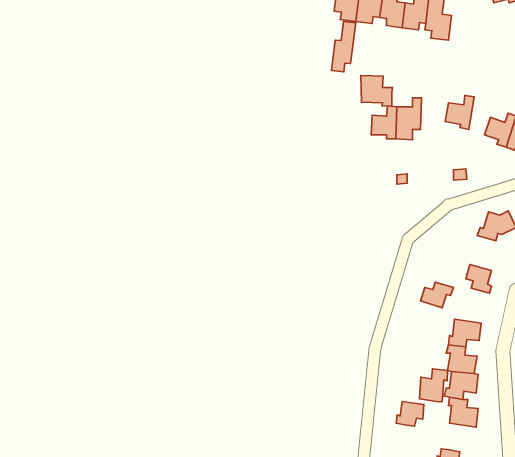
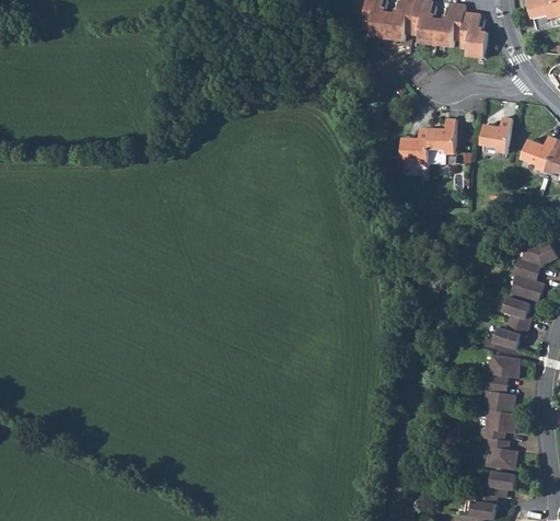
building: [332,22,356,72] -> none
building: [361,75,393,106] -> none
building: none -> [511,266,544,302]
building: [421,282,454,308] -> [493,322,528,349]
building: [419,369,447,402] -> none
building: [396,402,424,426] -> [486,471,515,497]

